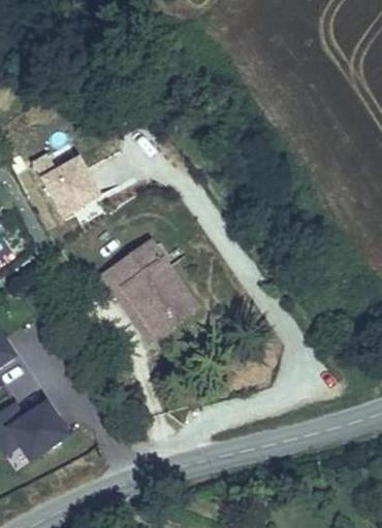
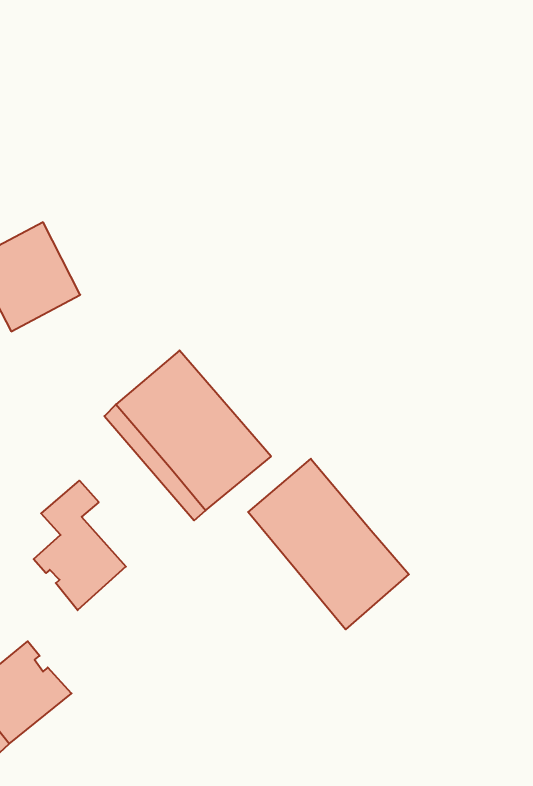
building: none -> [34,481,126,610]
building: none -> [248,459,409,629]

